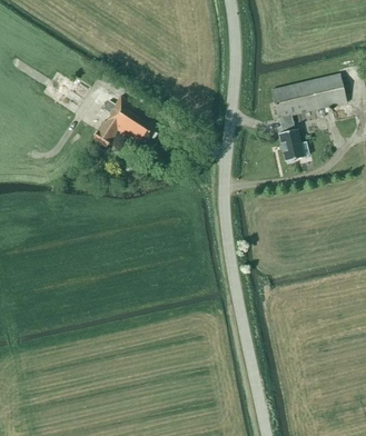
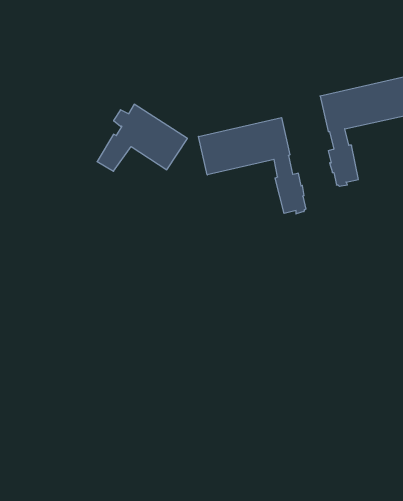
building: none -> [198,118,306,214]

